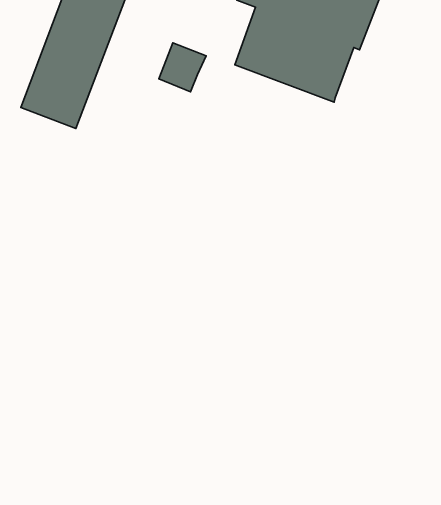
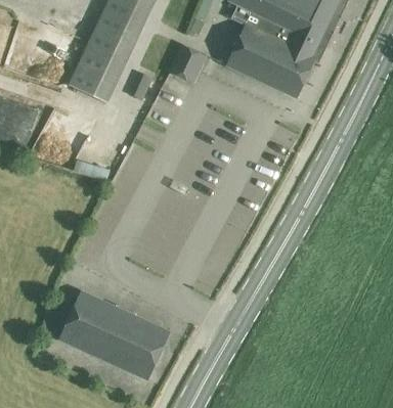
building: none -> [52,288,164,377]

